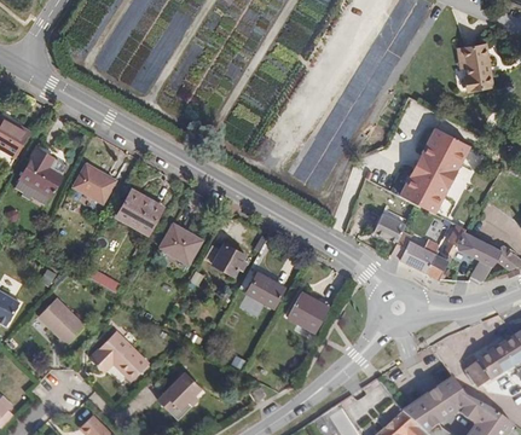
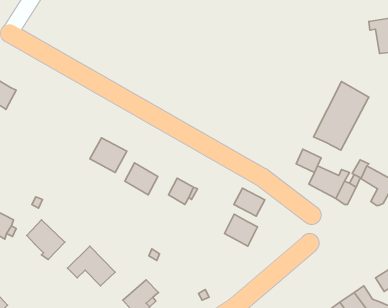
building: [19,152,60,199] -> none
building: [73,168,112,205] -> none
building: [244,273,283,308] -> [234,188,265,216]

